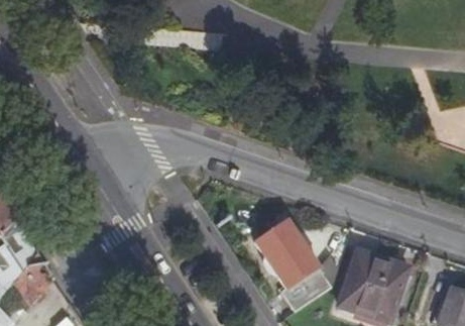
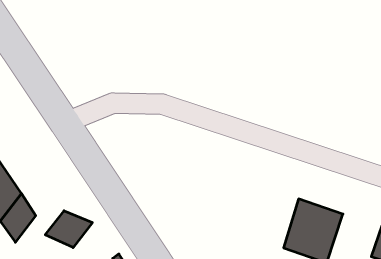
building: [257,231,337,306] -> none
building: none -> [45,211,92,248]

